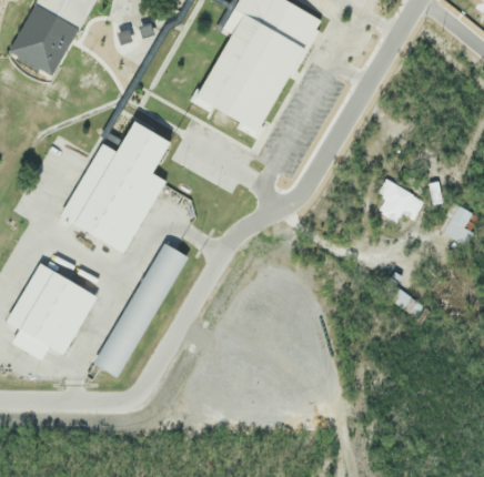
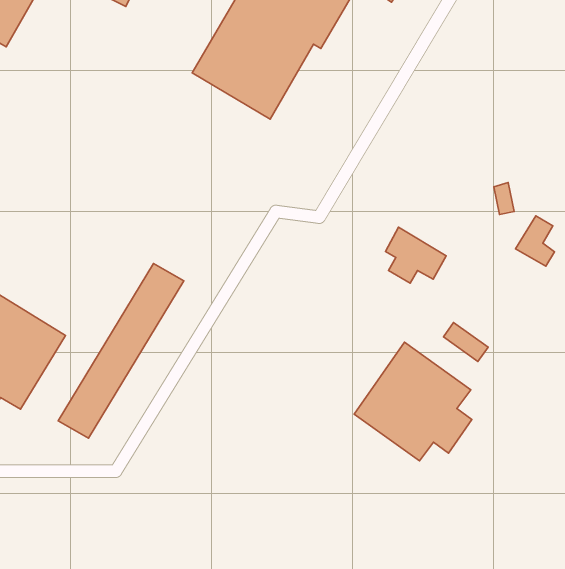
building: [60,123,169,251] -> none
building: [376,177,423,221] -> [386,227,446,283]
building: none -> [354,342,472,461]

